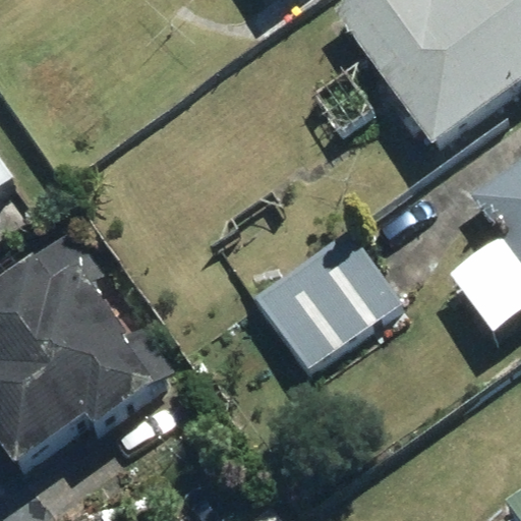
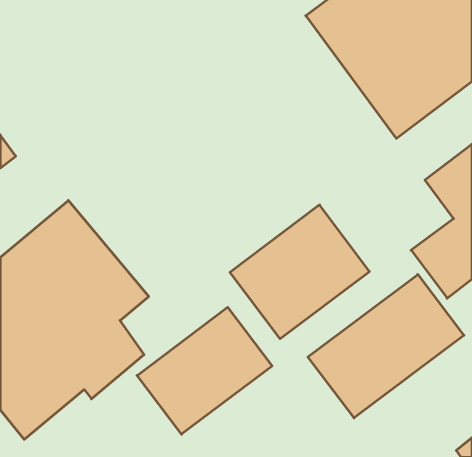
building: none -> [308,274,464,418]
building: none -> [137,307,272,434]

